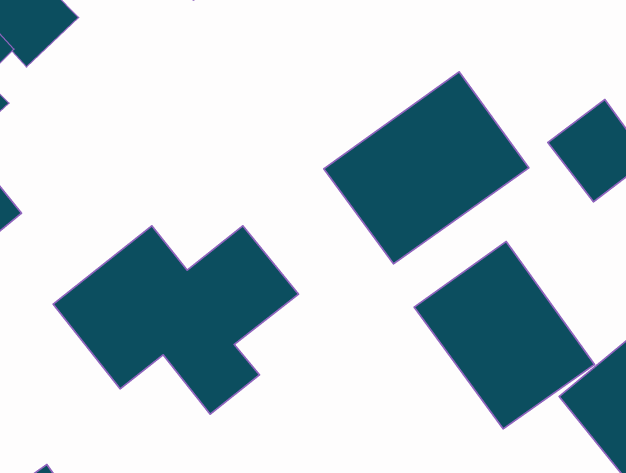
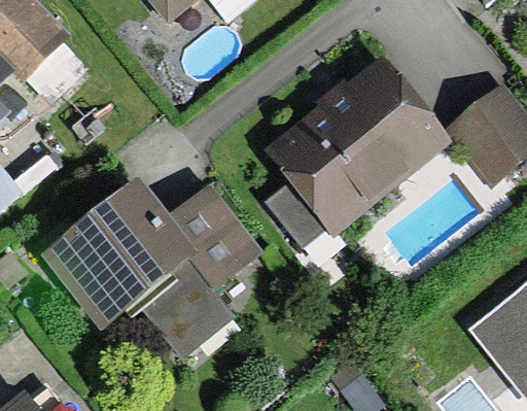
building: [414,242,595,429] -> none

